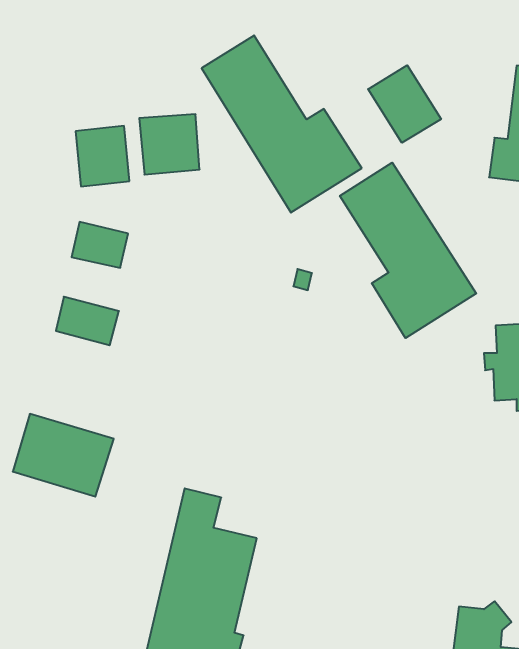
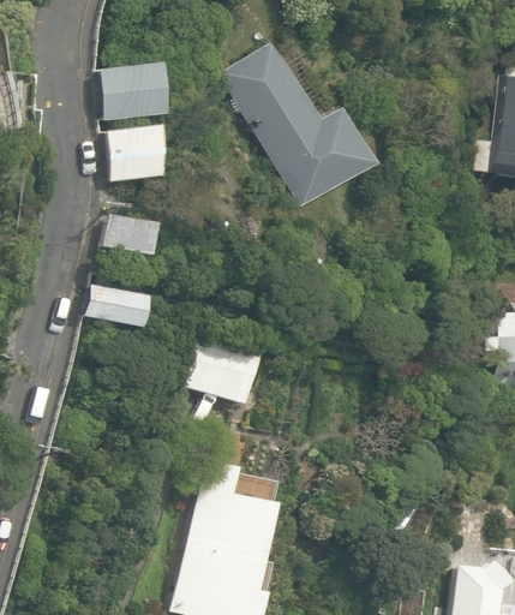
building: [368,65,441,143] -> none
building: [139,114,200,175] -> [101,65,156,120]
building: [340,163,476,338] -> none
building: [13,414,114,497] -> [172,328,264,404]

